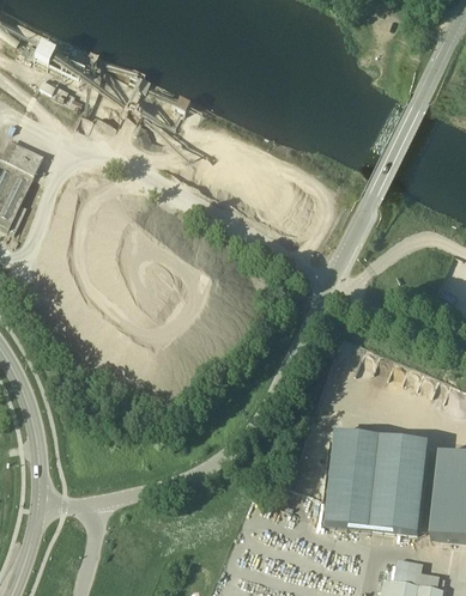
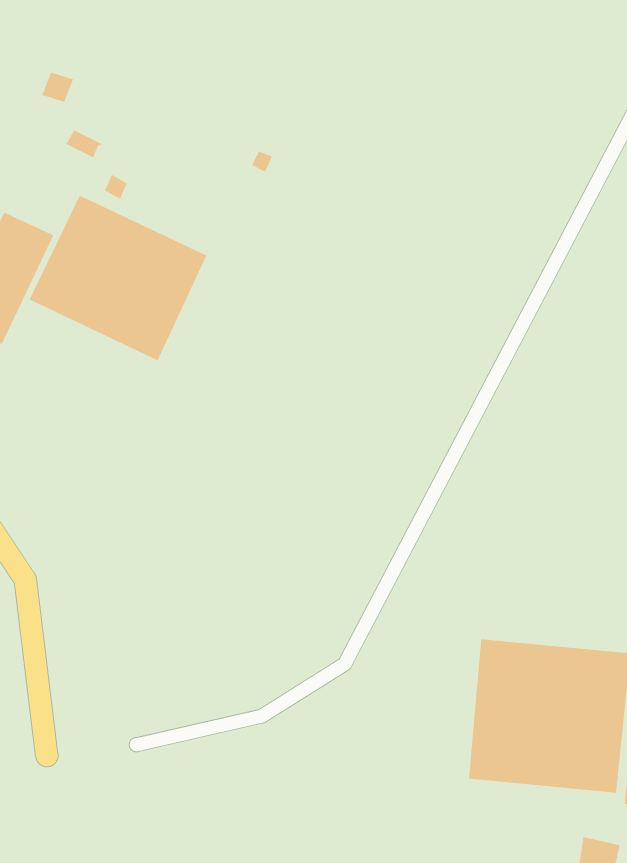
building: none -> [29,195,207,361]

